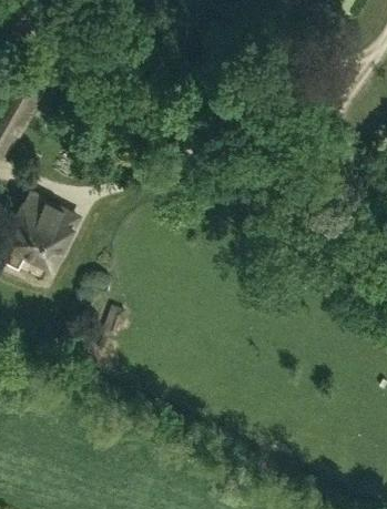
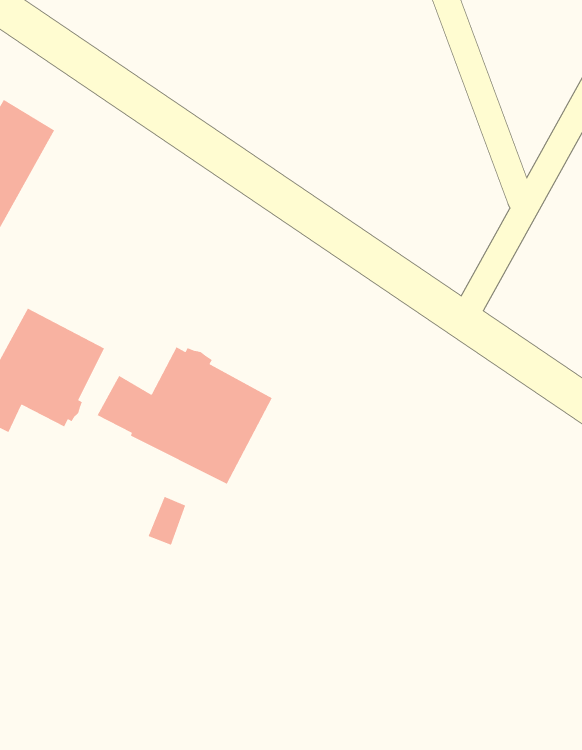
building: none -> [96,346,273,485]

